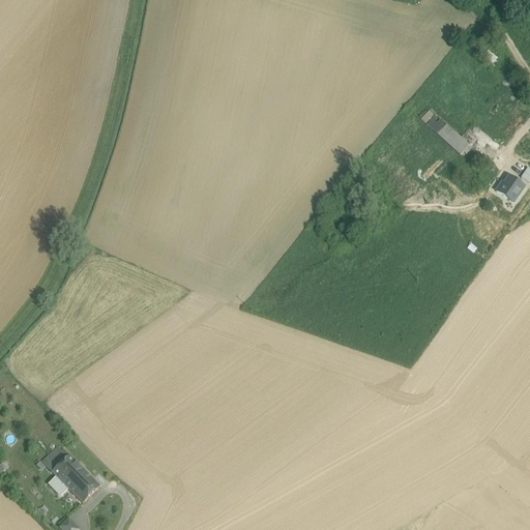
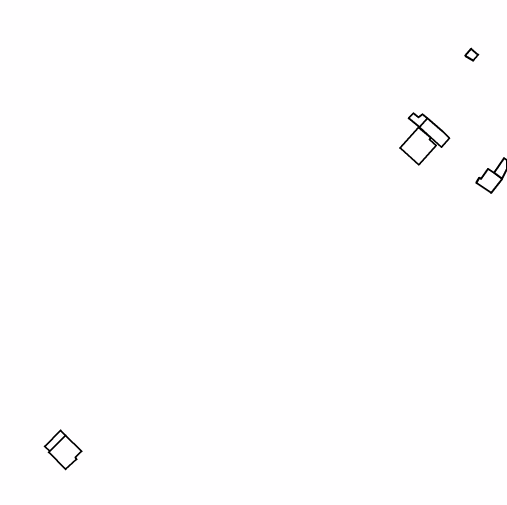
building: none -> [400,127,436,165]
building: [68,470,99,502] -> none

